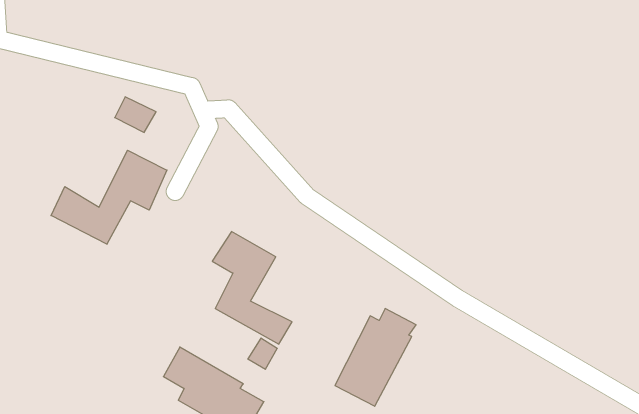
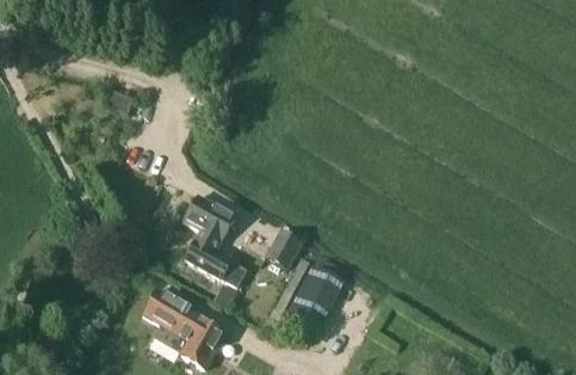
building: [51,150,167,244] -> none
building: none -> [262,229,302,270]

